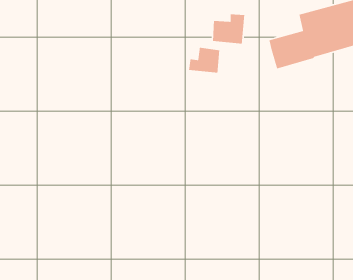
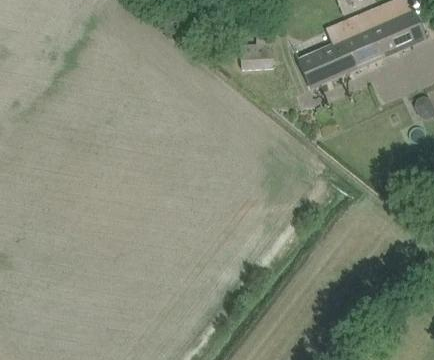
building: [188,47,220,73] -> none

